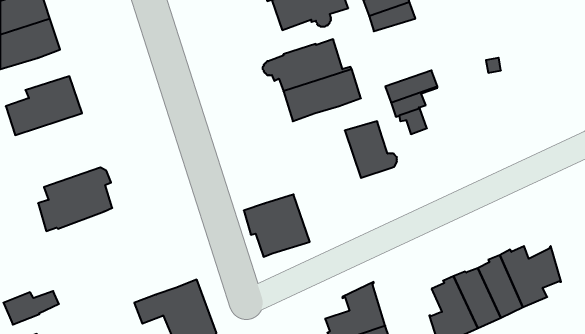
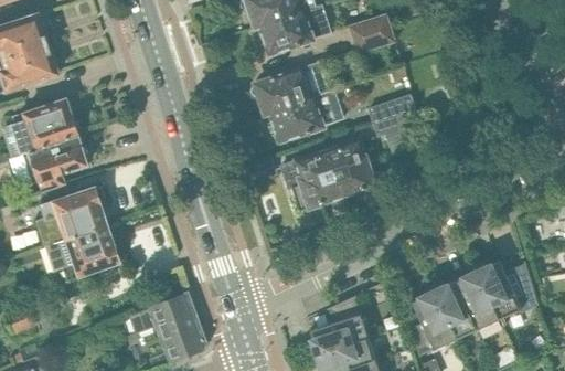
building: none -> [7,136,87,190]
building: [244,194,310,257] -> [281,150,344,210]
building: none -> [44,224,125,280]

